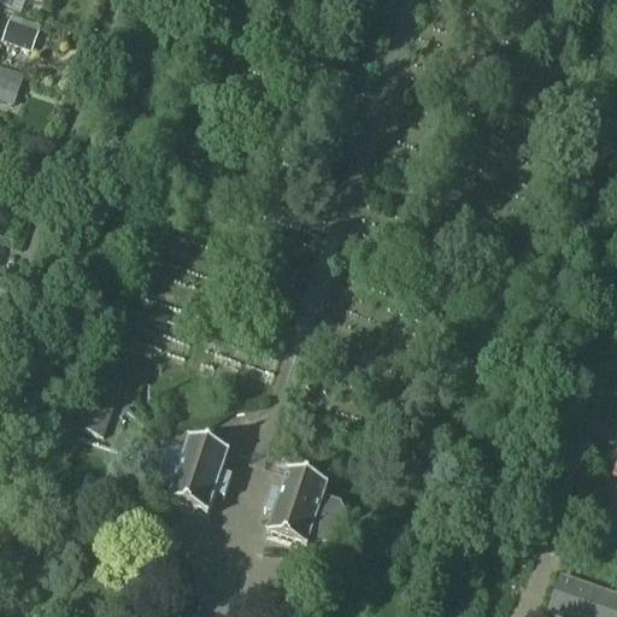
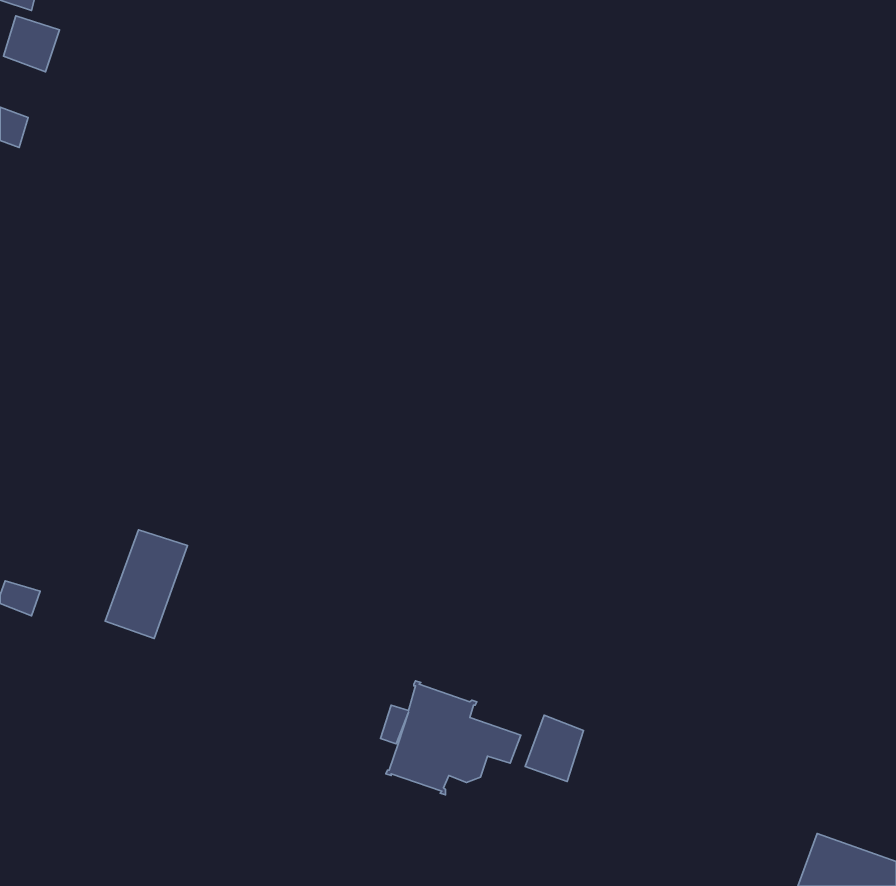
building: [152,435,229,513] -> none
building: none -> [525,715,584,781]

